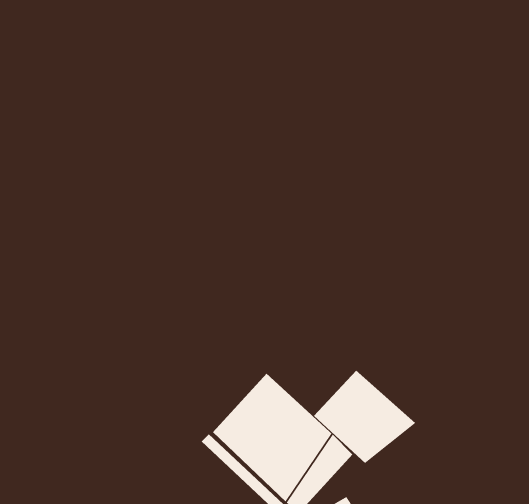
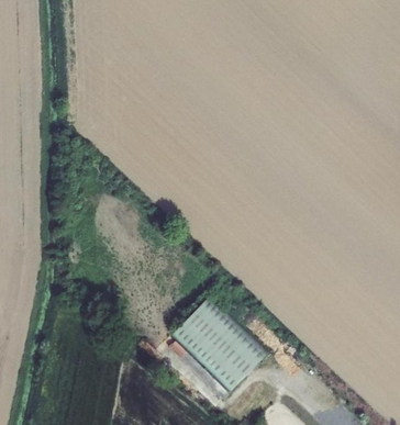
building: [313,370,416,464] -> none

